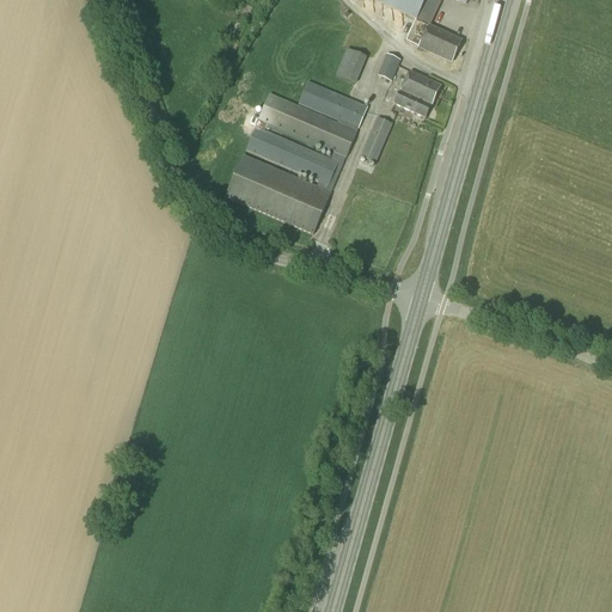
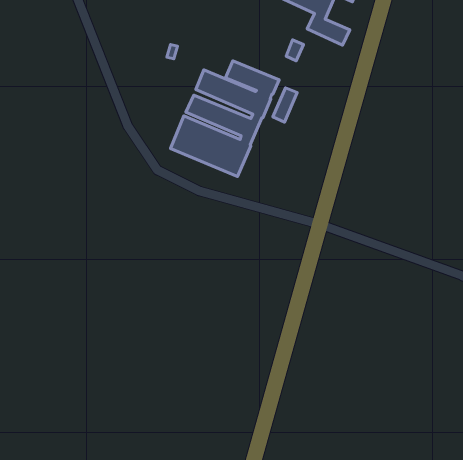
building: [335,47,366,82] -> none
building: [394,71,440,116] -> none

